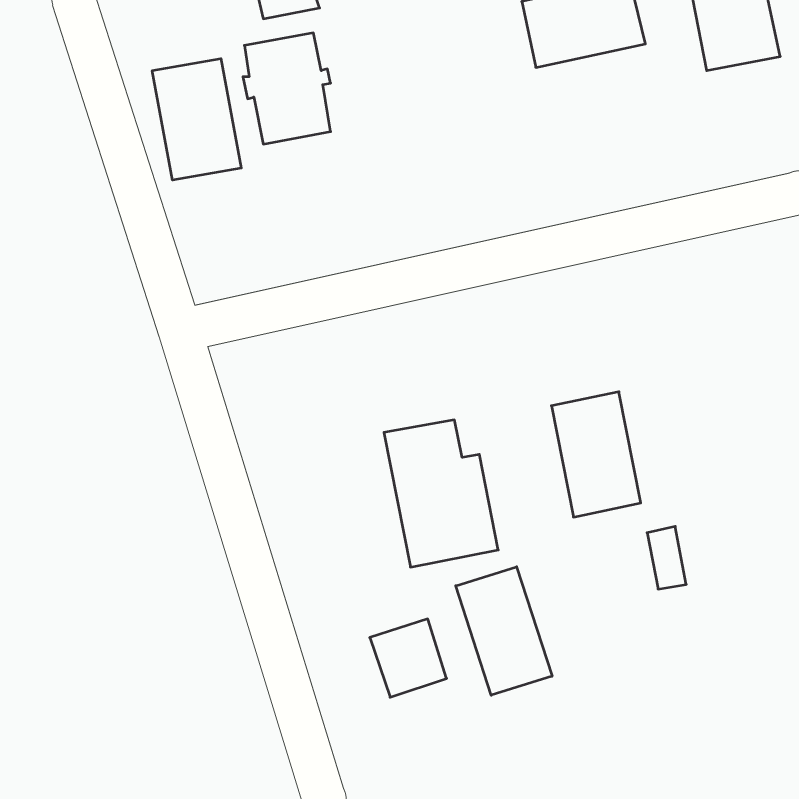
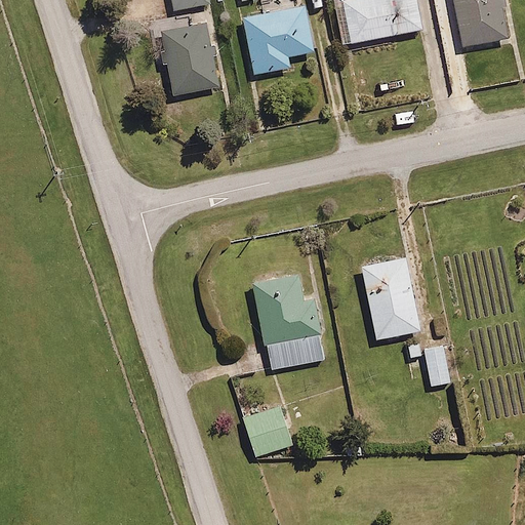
building: none -> [241,5,313,74]
building: [152,59,241,180] -> none
building: [456,567,552,695] -> none

